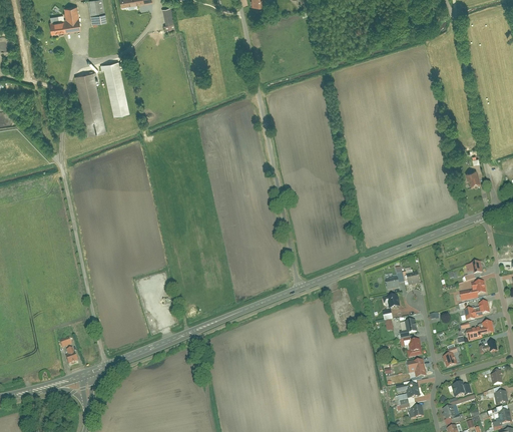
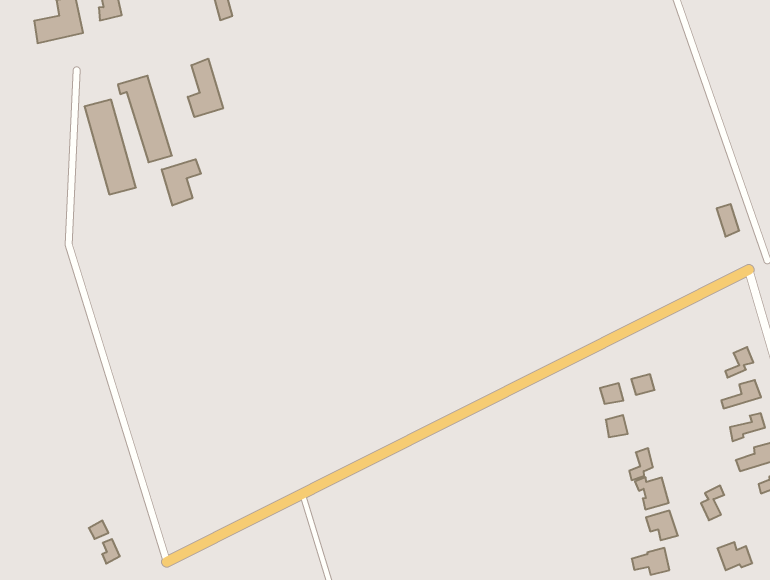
building: none -> [188,59,223,117]
building: none -> [162,159,201,206]

